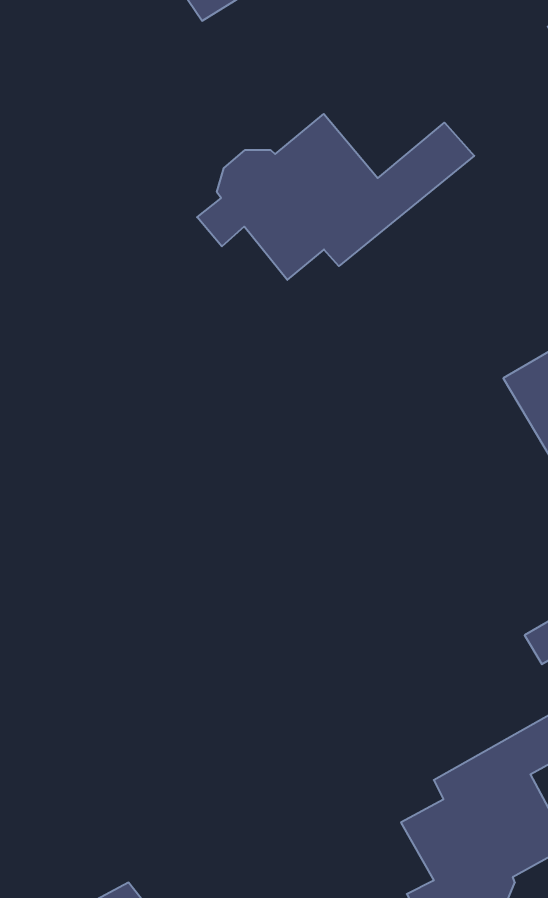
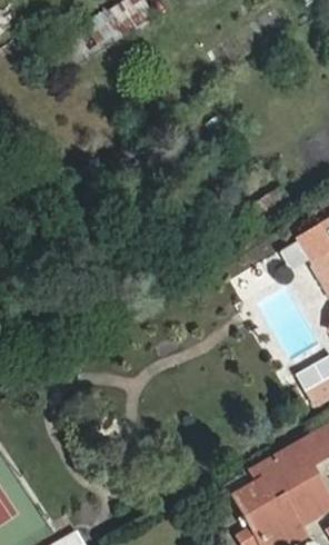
building: [197,114,474,280] -> none

